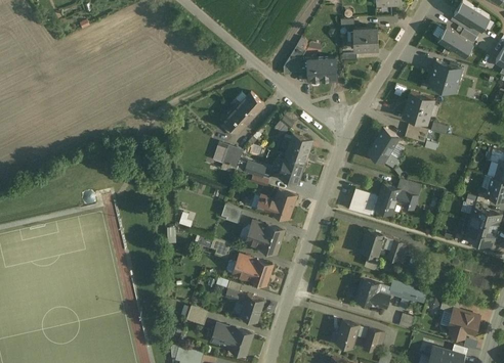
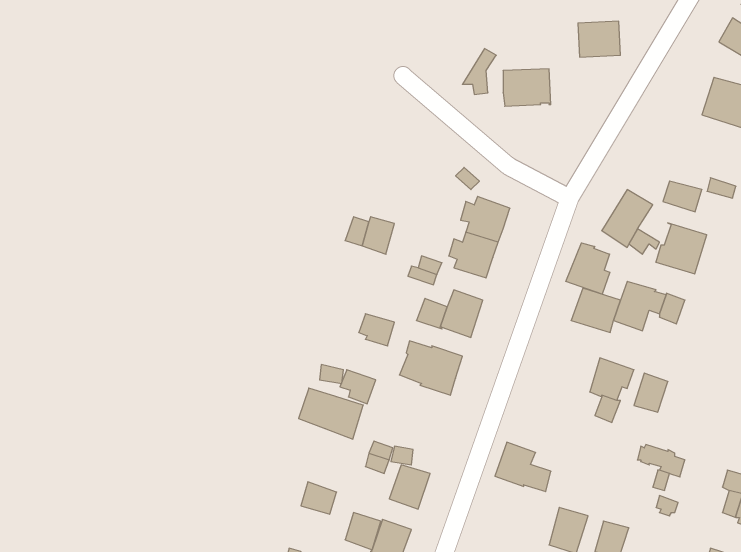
building: [222,93,263,134] -> none
building: [402,93,432,124] -> [656,223,707,274]
building: none -> [566,243,610,294]
building: [233,255,271,285] -> [299,388,363,439]
building: [354,279,388,309] -> [495,442,551,492]

